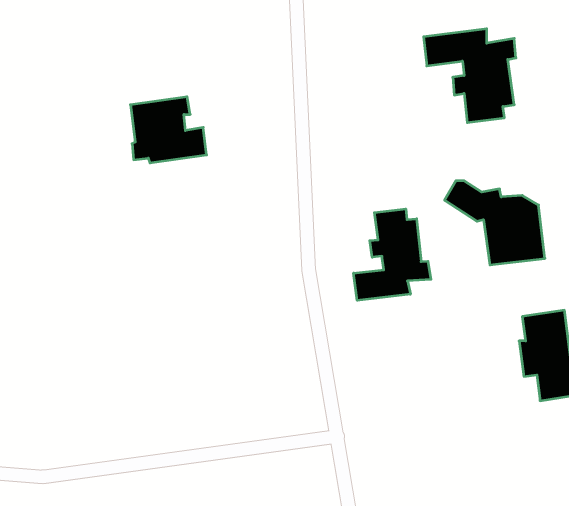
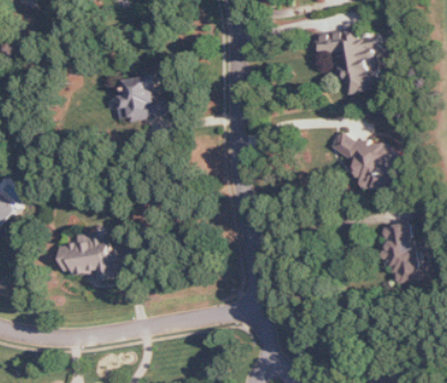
building: [354,209,431,300] -> none
building: none -> [58,232,114,280]

